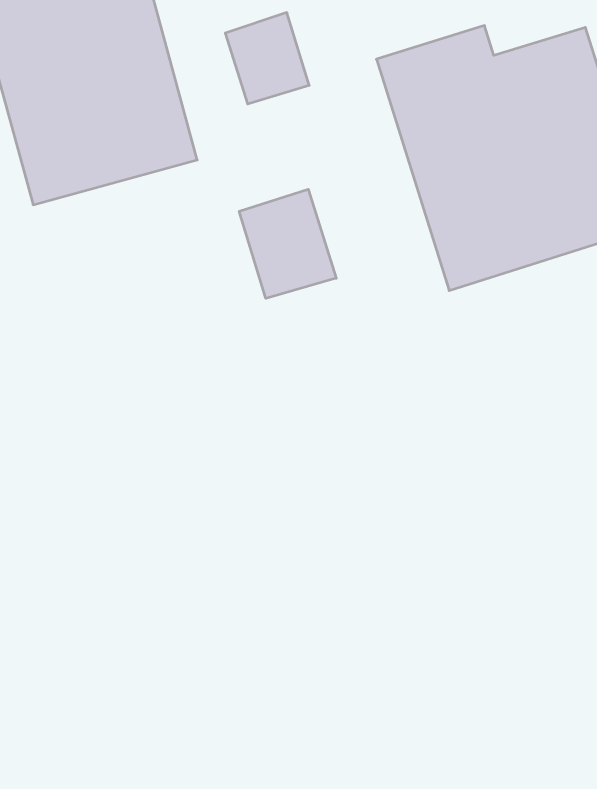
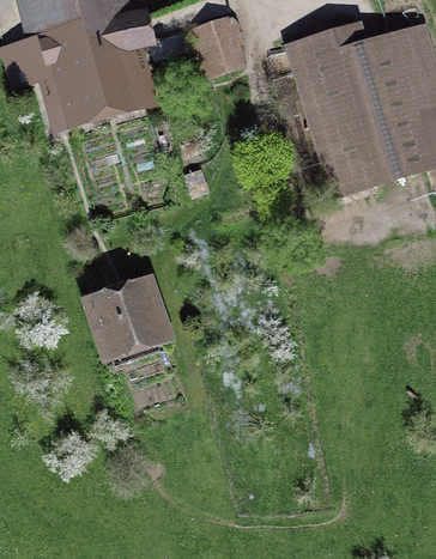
building: [239,189,336,298] -> none
building: none -> [79,275,165,359]

